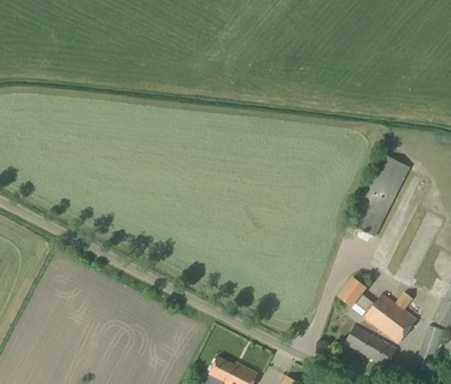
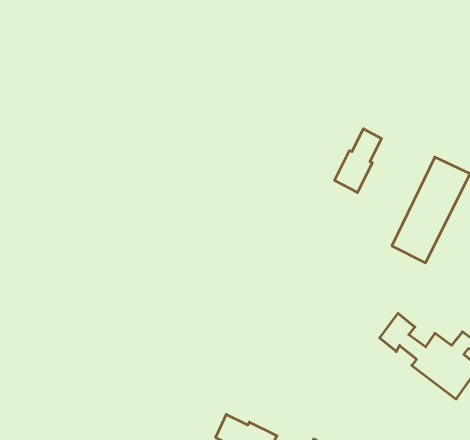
building: none -> [335,129,381,193]
building: [342,324,396,367] -> none

